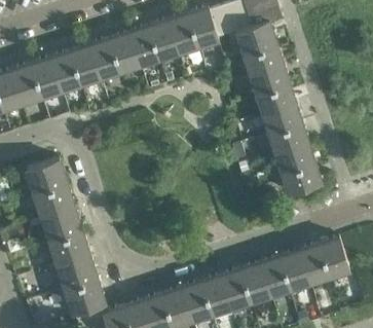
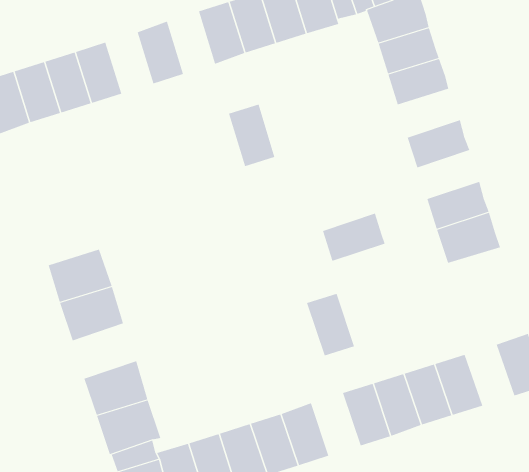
building: [109,34,139,74] -> [228,104,275,167]
building: [70,47,100,86] -> none
building: [255,83,295,114] -> none
building: [267,122,307,153] -> [322,213,385,261]
building: [25,160,66,195] -> none
building: [48,232,89,267] -> none
building: [298,246,329,285] -> none
building: [200,277,231,317] -> [306,293,355,356]

